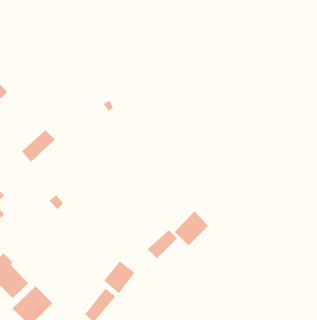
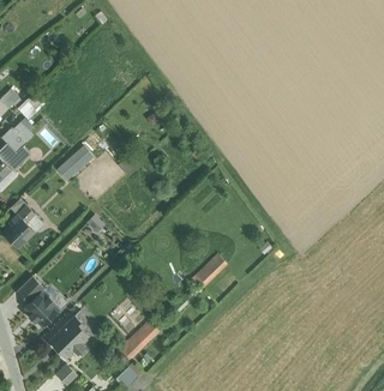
building: [174,211,209,246] -> none
building: [103,260,135,294] -> none

